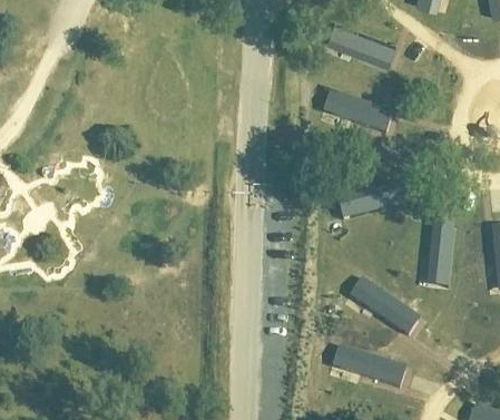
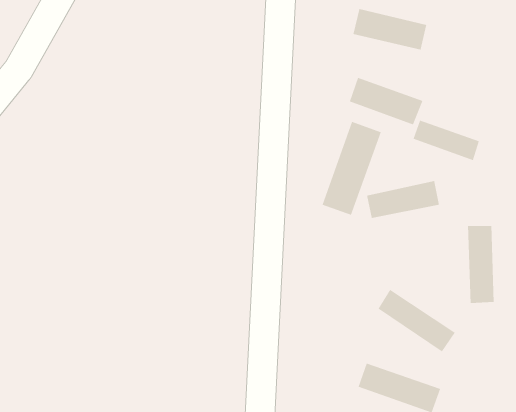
building: none -> [412,119,480,161]
building: none -> [321,121,382,216]

